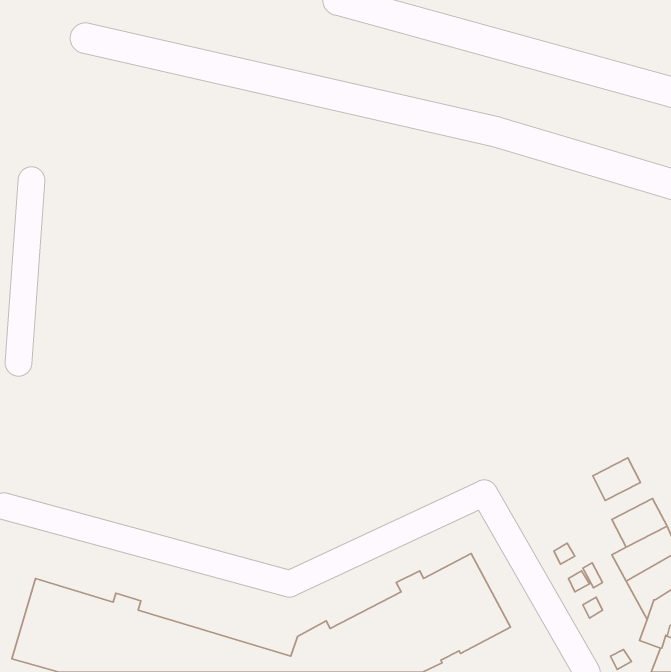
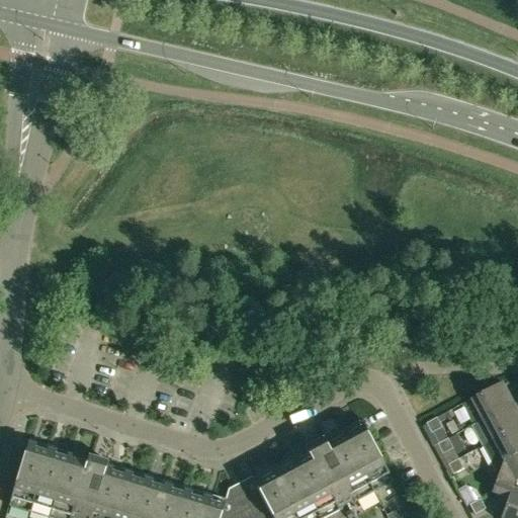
building: [593,458,640,501] -> none

